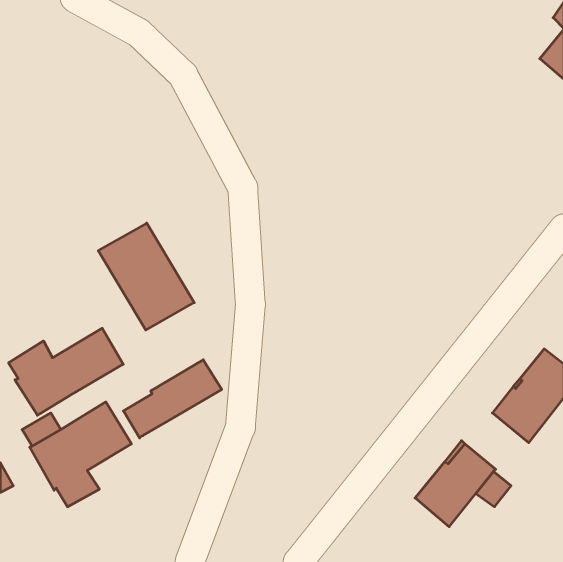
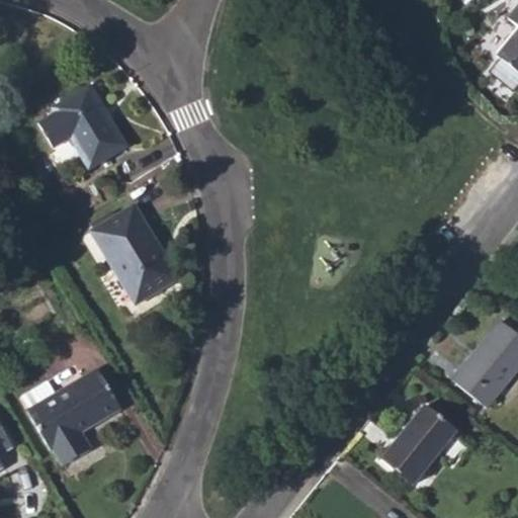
building: none -> [38,84,126,167]
building: [9,328,123,415] -> none
building: [123,360,222,438] -> none

